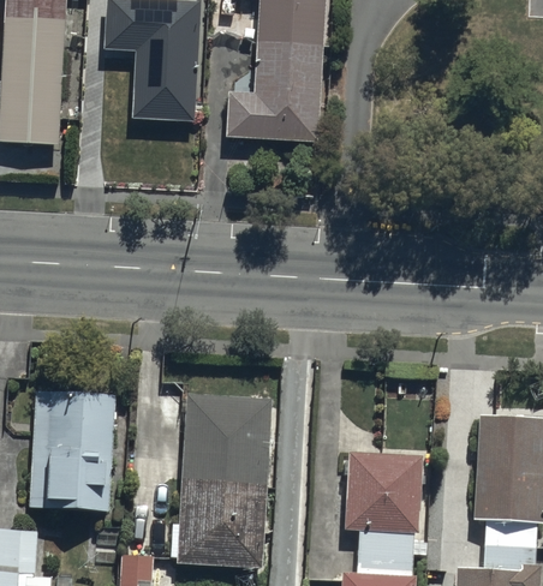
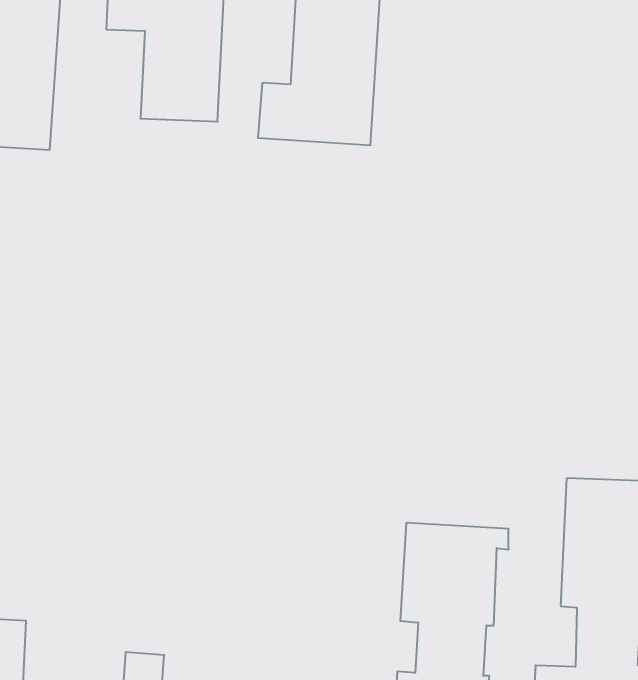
building: [30,391,115,510] -> none
building: [180,394,270,566] -> none

